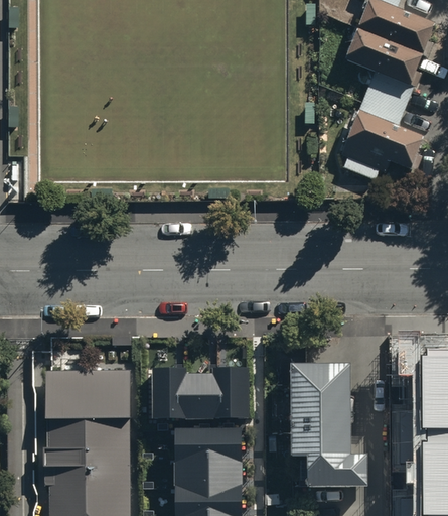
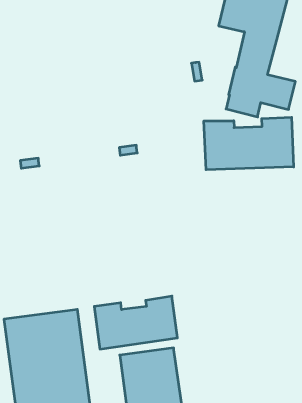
building: none -> [204,117,294,170]
building: [292,362,369,485] -> none

